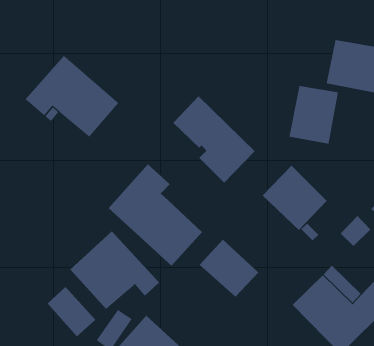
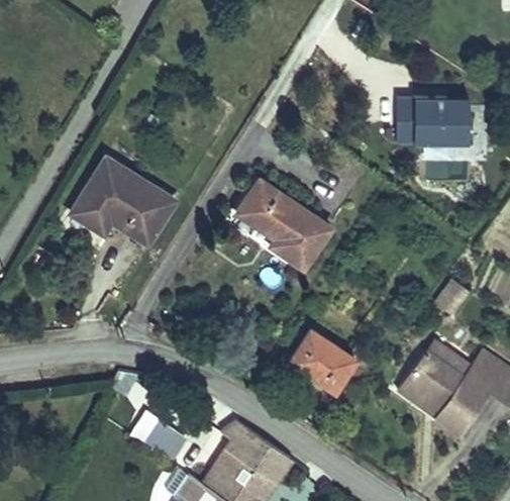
building: [289,85,338,145] -> none
building: [108,164,203,266] -> none
building: [262,165,328,231] -> none
building: [69,231,160,310] -> none

